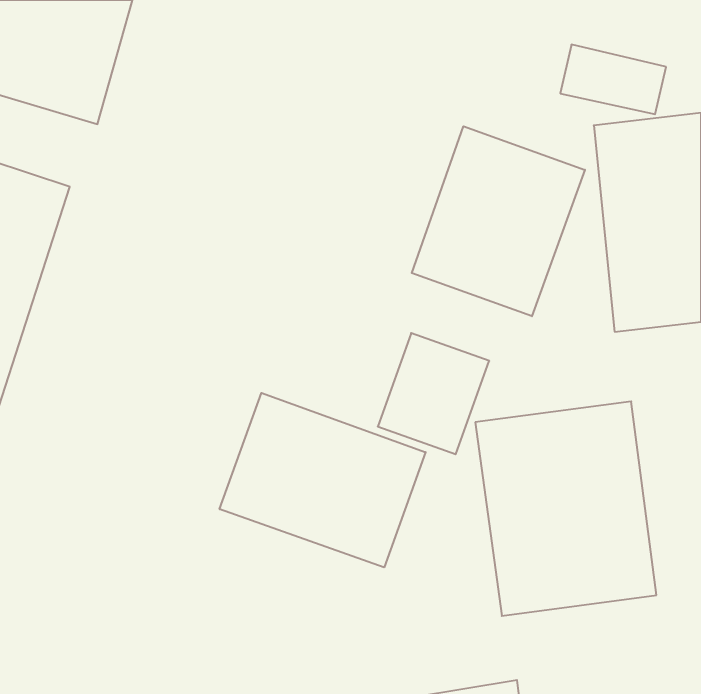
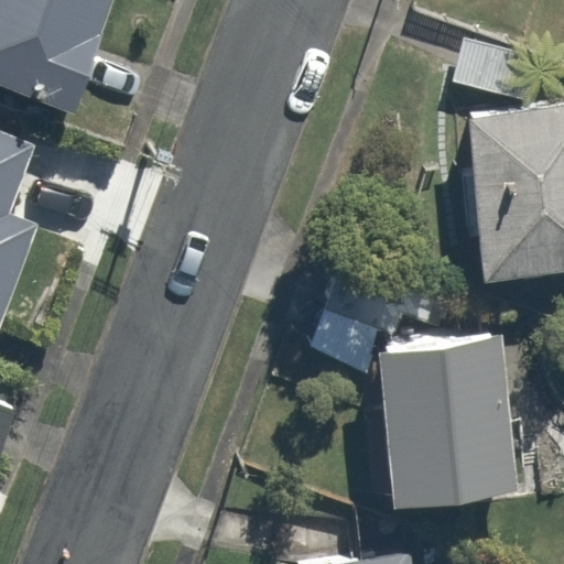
building: [412,126,585,316] -> none
building: [220,393,426,567] -> none

